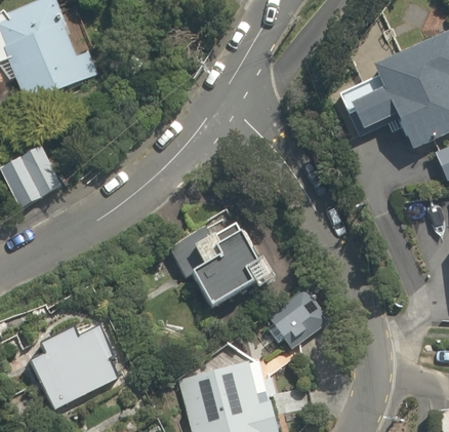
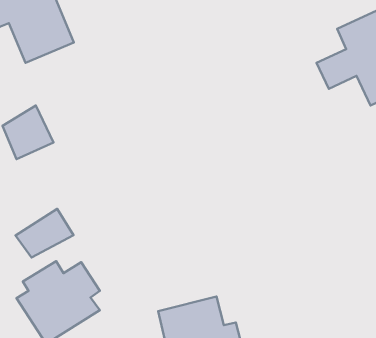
building: [165,212,263,312] -> none
building: none -> [15,209,74,258]
building: [262,290,326,353] -> none

